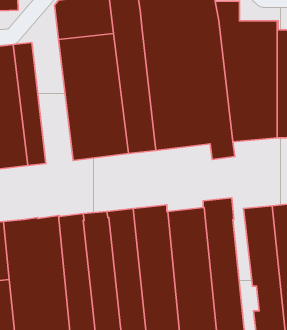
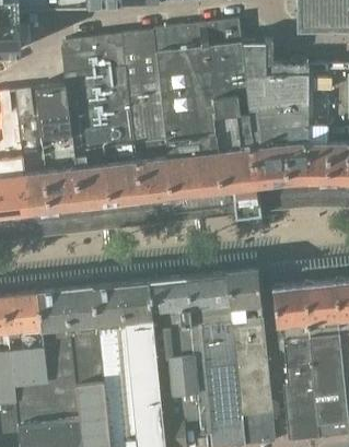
building: none -> [36,87,82,225]

